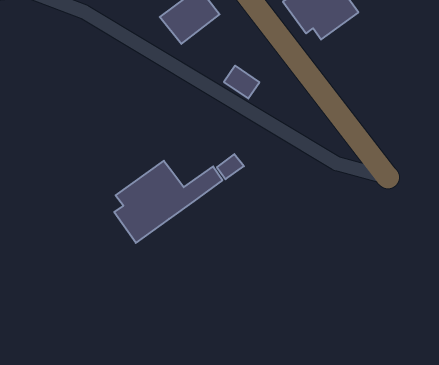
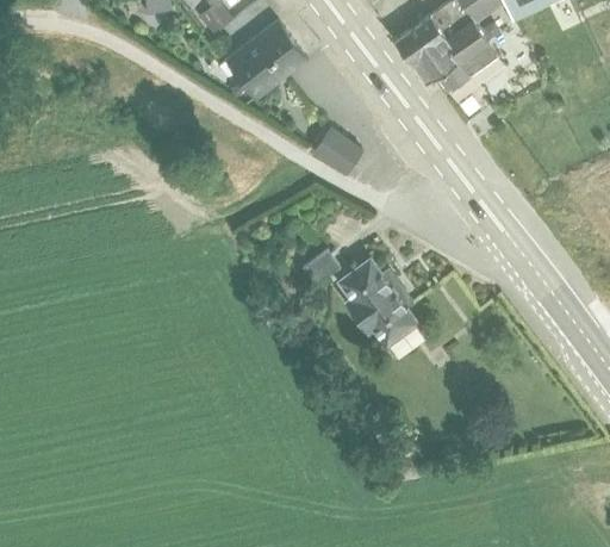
building: [114,161,222,243] -> none
building: none -> [337,259,424,355]

